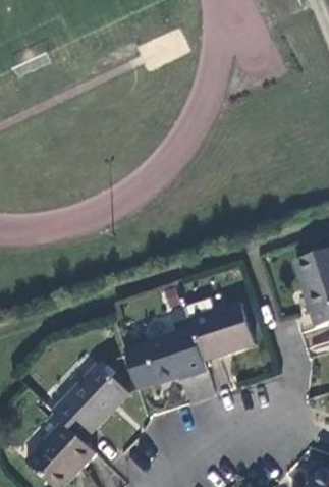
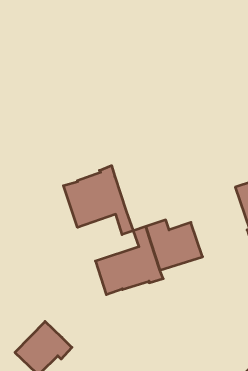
building: none -> [63,166,133,235]
building: [52,364,128,442] -> none

